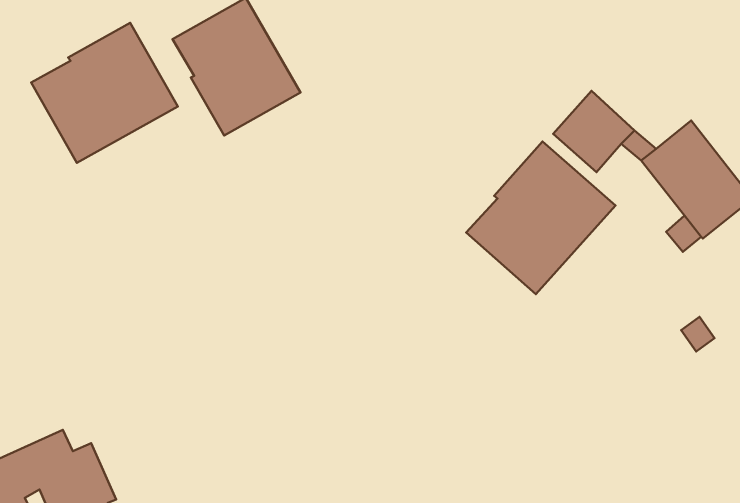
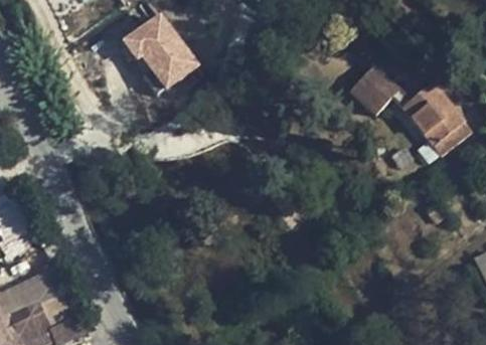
building: [31,23,178,163] -> none
building: [466,141,615,294] -> none

